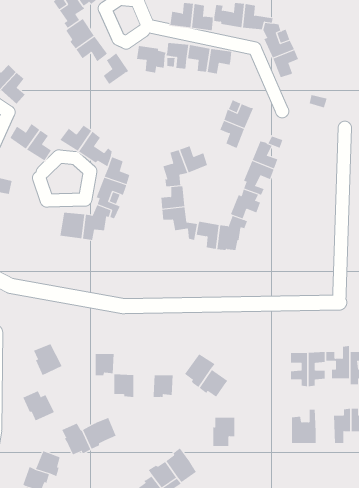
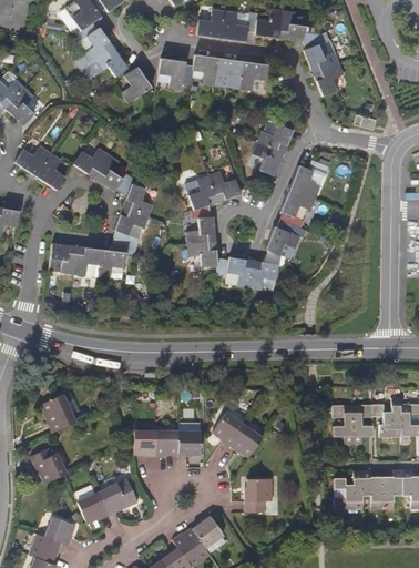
building: none -> [50,243,78,273]
building: [95,353,115,376] -> [157,430,180,456]
building: none -> [362,469,384,508]

